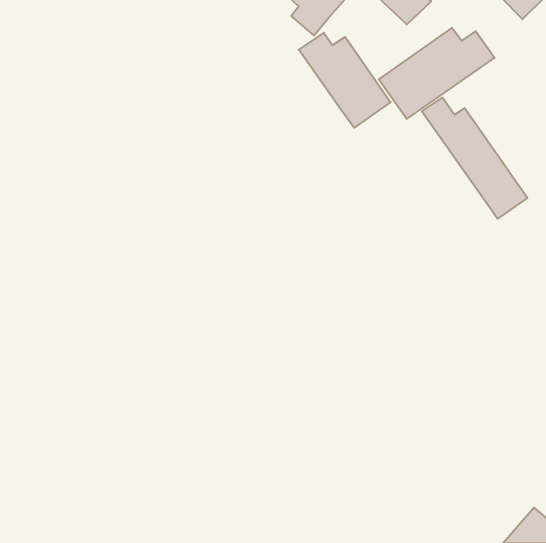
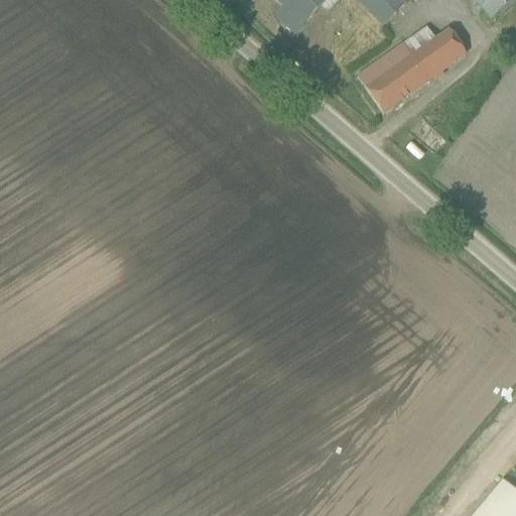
building: [299,33,391,128] -> none
building: [422,98,527,219] -> none

